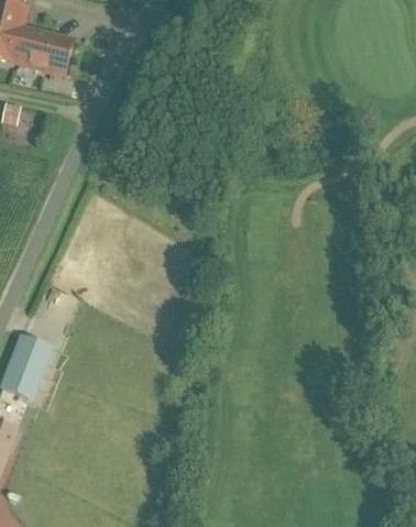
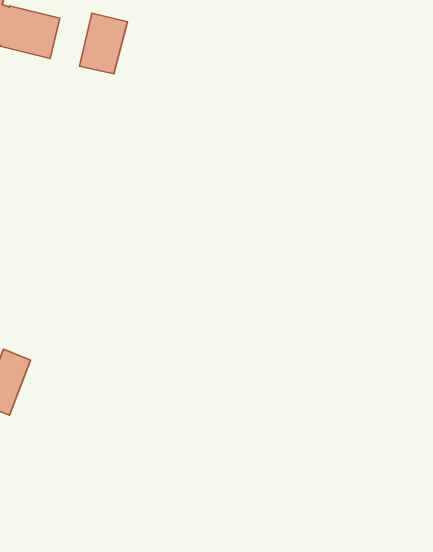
building: none -> [79,13,127,74]

